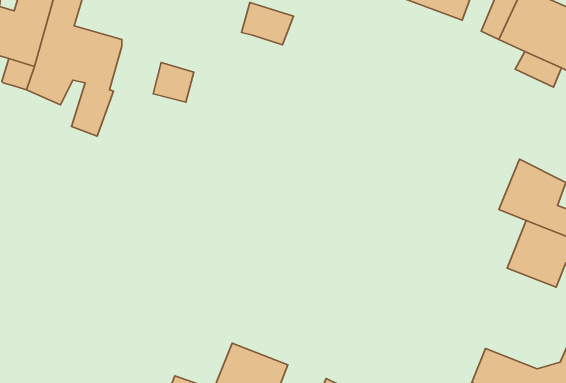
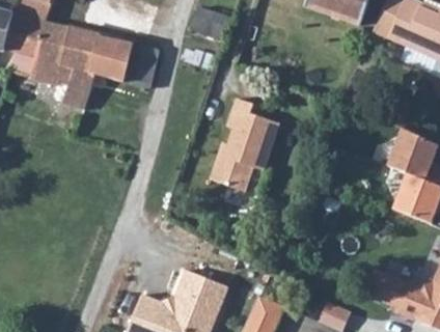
building: none -> [91,36,133,83]
building: none -> [209,96,279,190]

